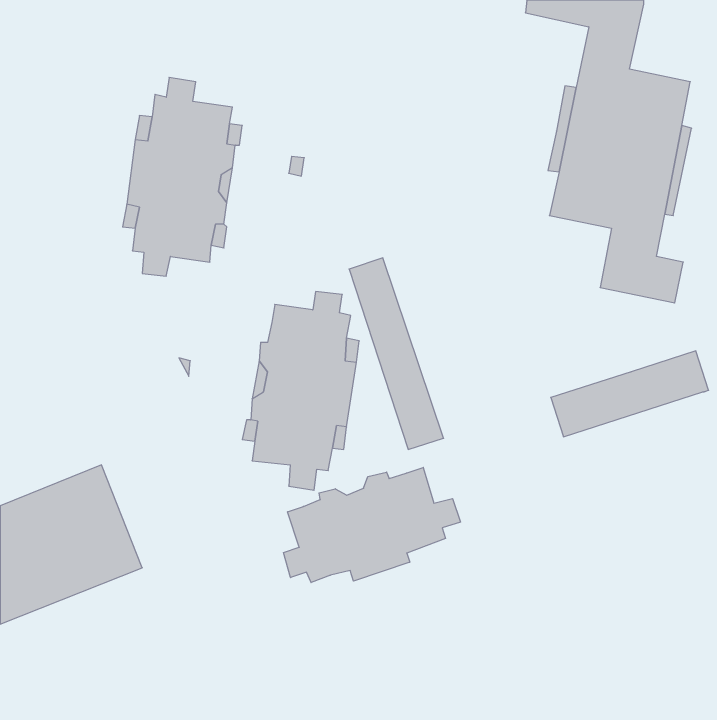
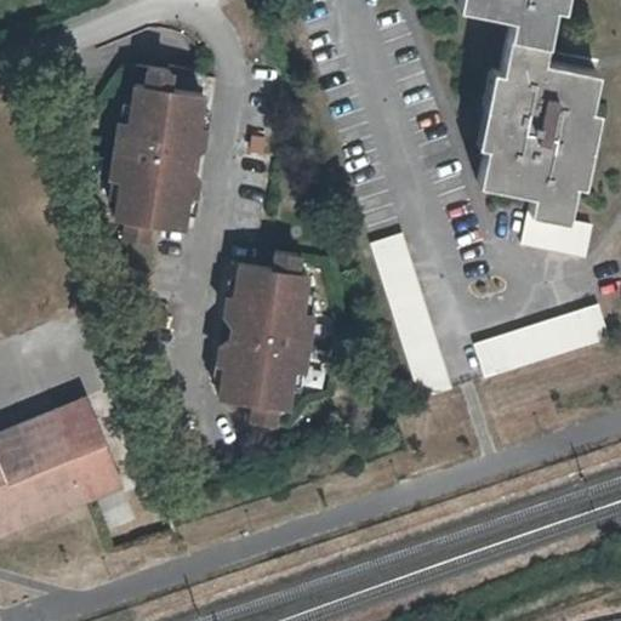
building: [349,258,444,449] -> [375,230,456,395]
building: [283,467,461,583] -> none

